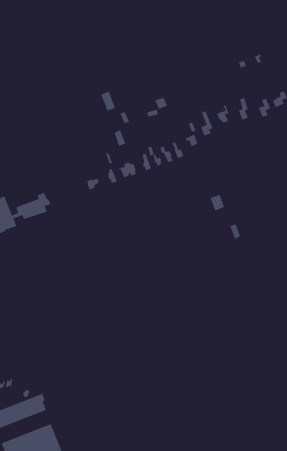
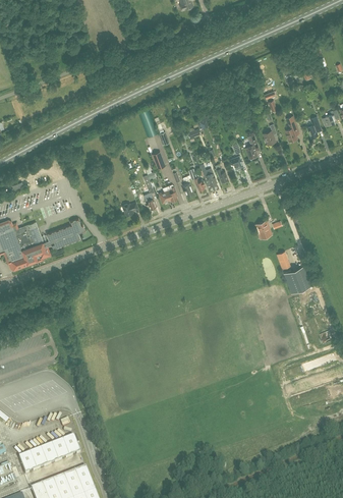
building: none -> [283,264,311,292]

